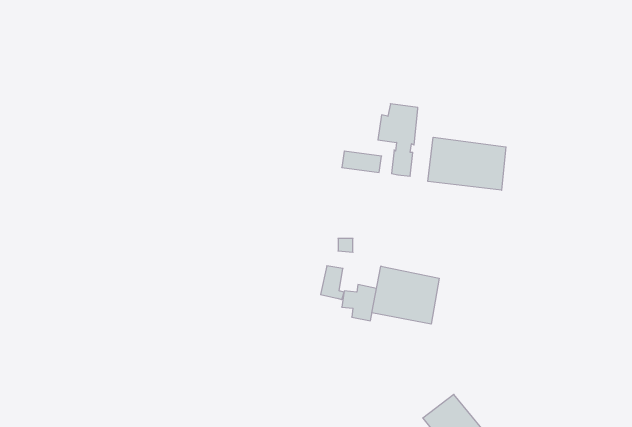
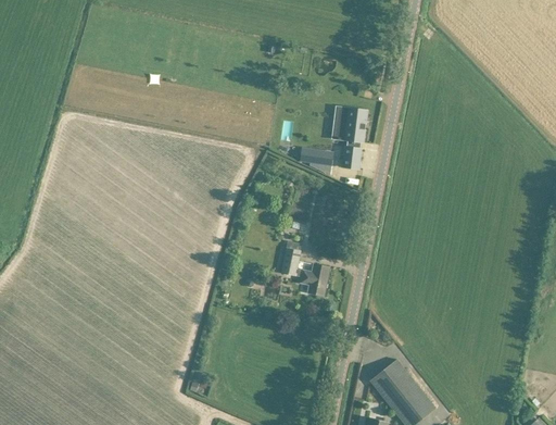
building: [428,137,506,190] -> none
building: [372,266,439,324] -> none

